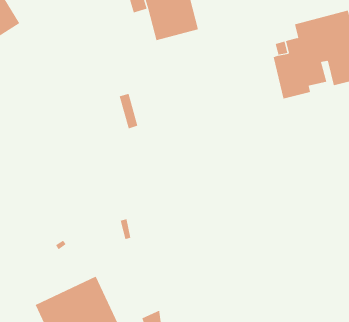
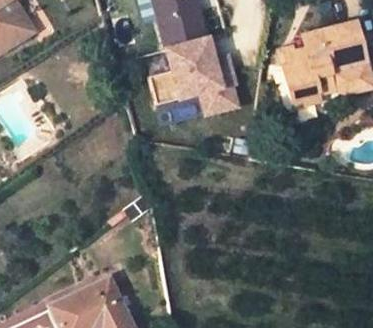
building: none -> [150,39,239,115]

